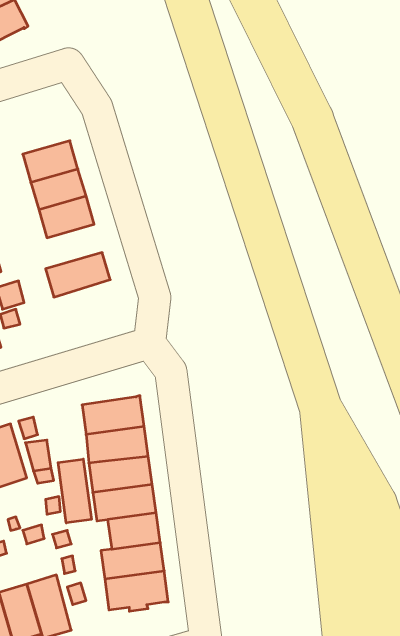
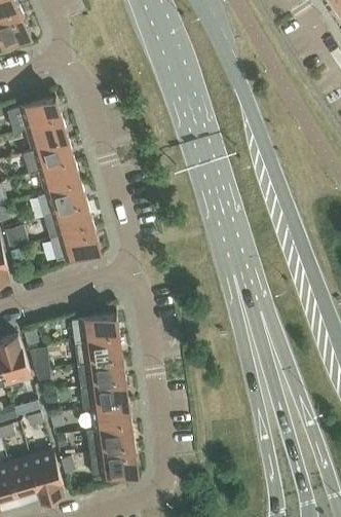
building: none -> [20,96,62,128]
building: none -> [37,182,86,216]
building: none -> [49,224,100,260]
building: [58,459,91,523] -> none

